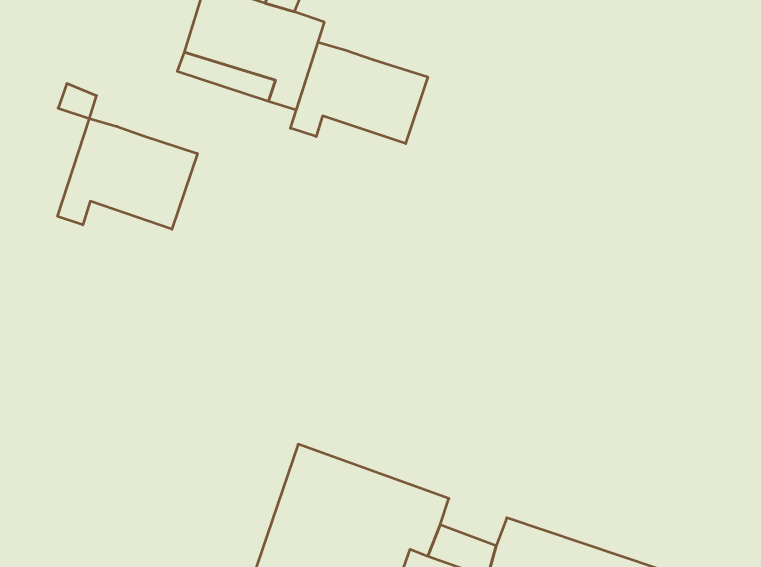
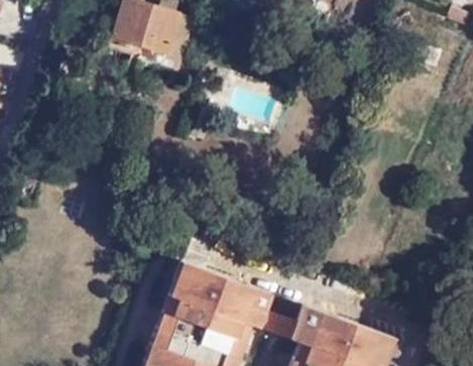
building: [290,42,428,144] -> none
building: [58,119,197,229] -> none

